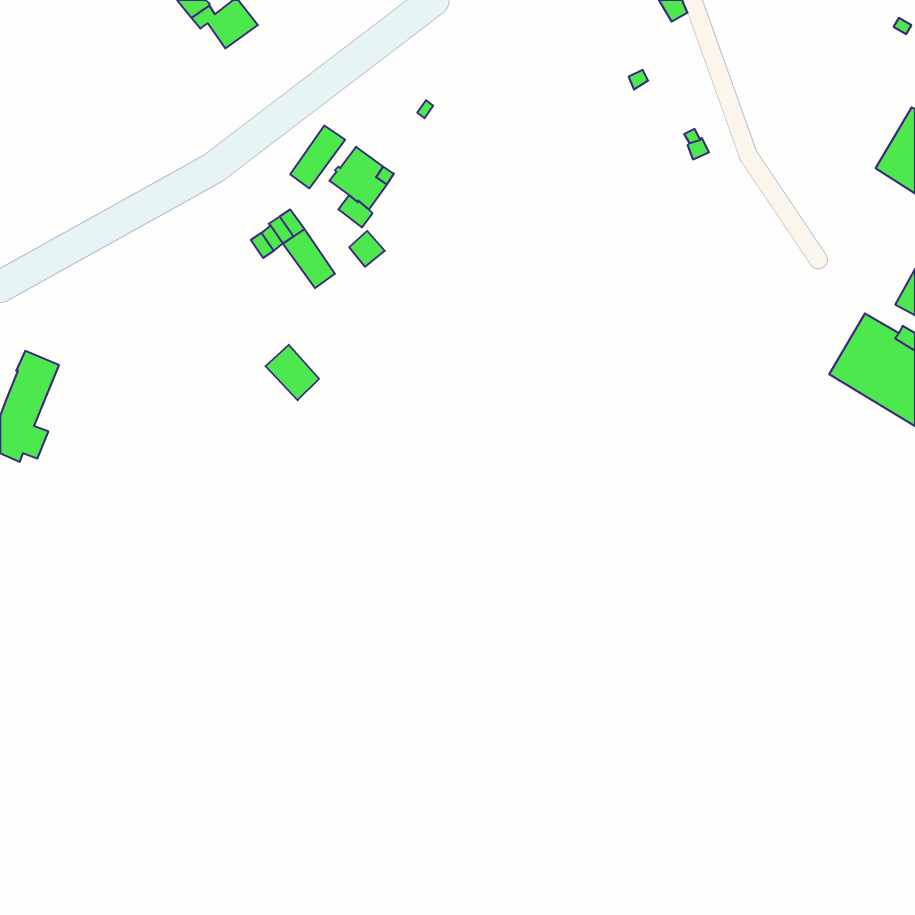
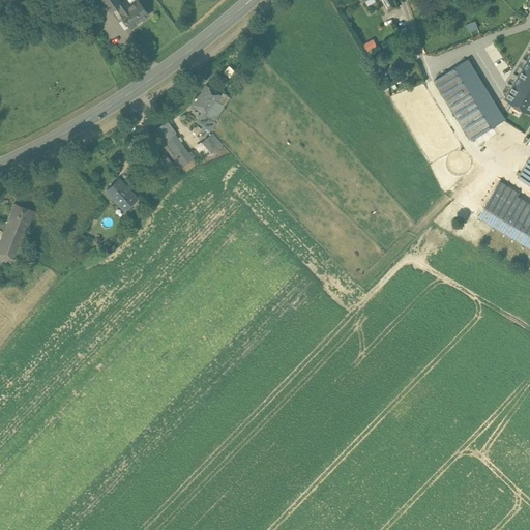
building: none -> [435,59,506,141]
building: [290,126,345,188] -> none
building: [265,345,319,400] -> [106,178,137,210]

